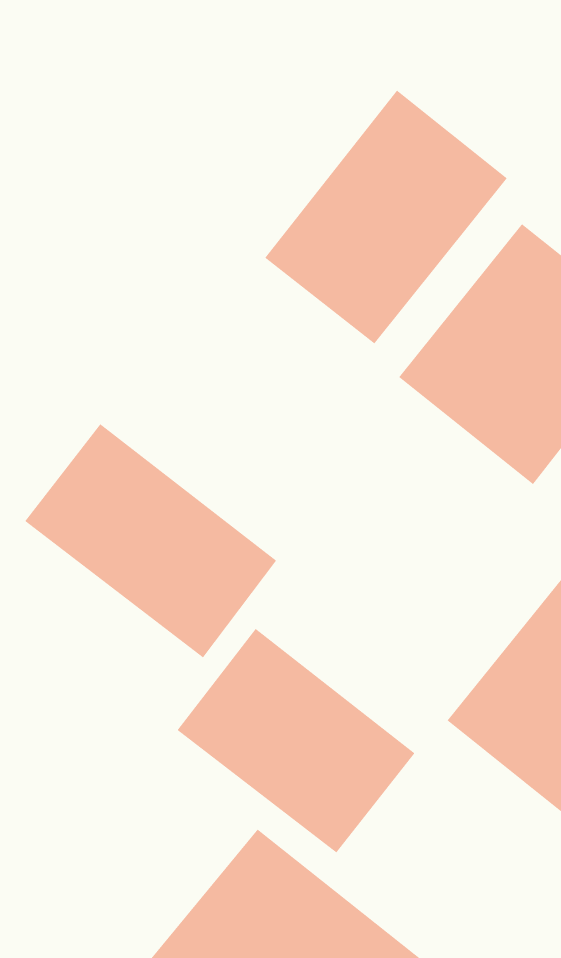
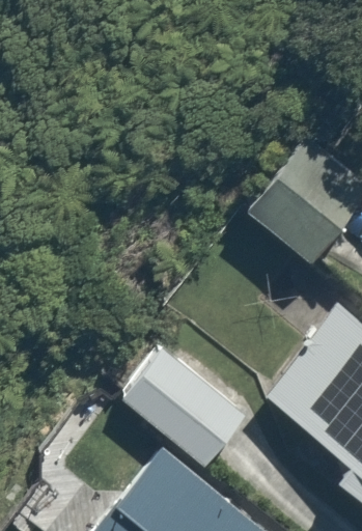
building: [264,90,508,344] -> none
building: [24,423,277,658] -> none

